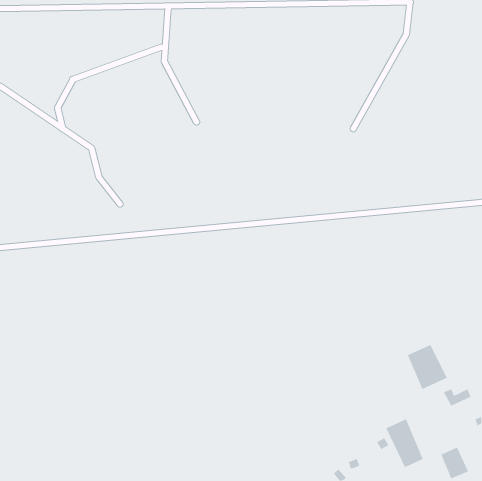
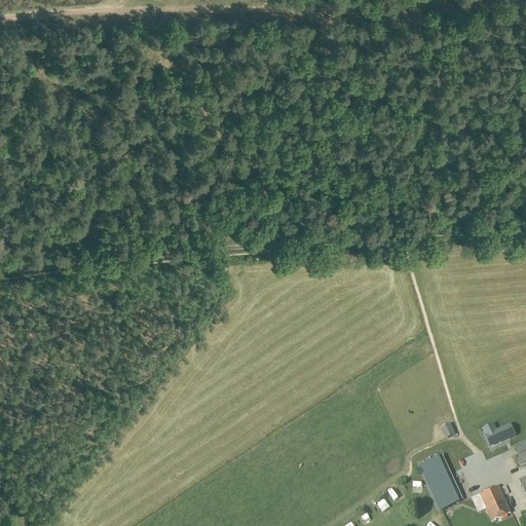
building: [407,344,448,390] -> none

